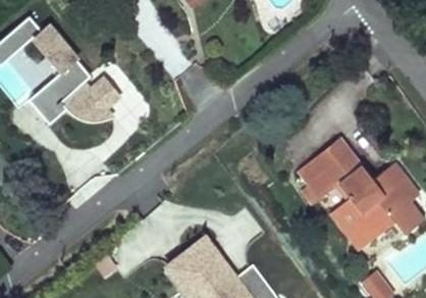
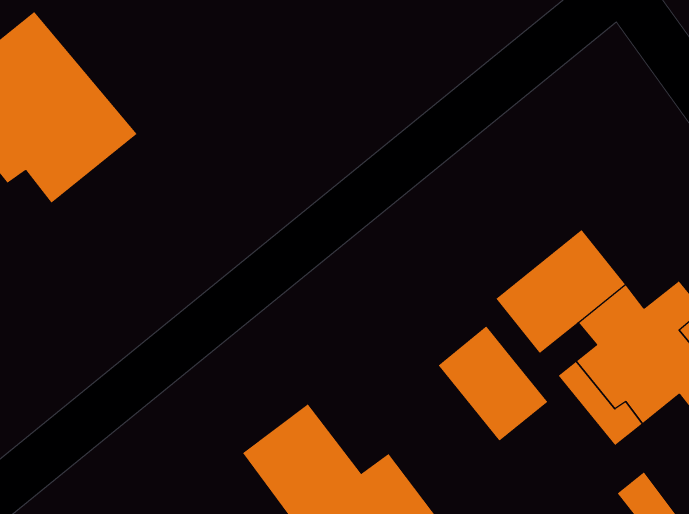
building: [69,73,125,130] -> none
building: none -> [438,326,548,442]

